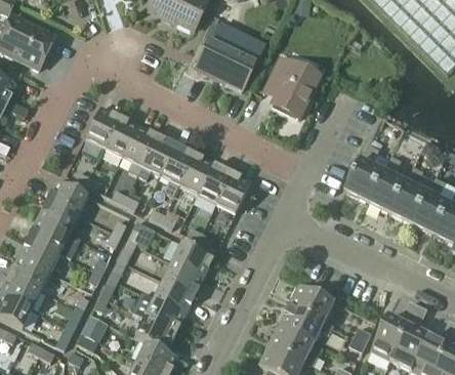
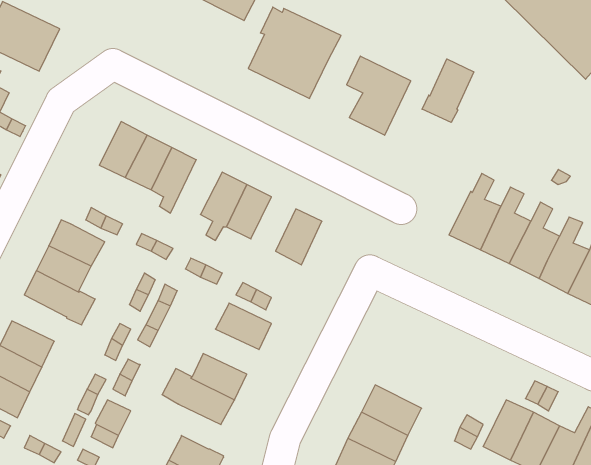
building: none -> [422,59,474,122]
building: [137,135,176,179] -> none
building: [198,163,232,204] -> none
building: [18,237,59,272] -> none
building: [162,262,204,296] -> none
building: [291,284,336,322] -> none
building: [134,319,175,352] -> none

